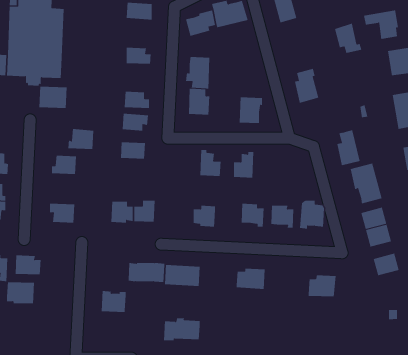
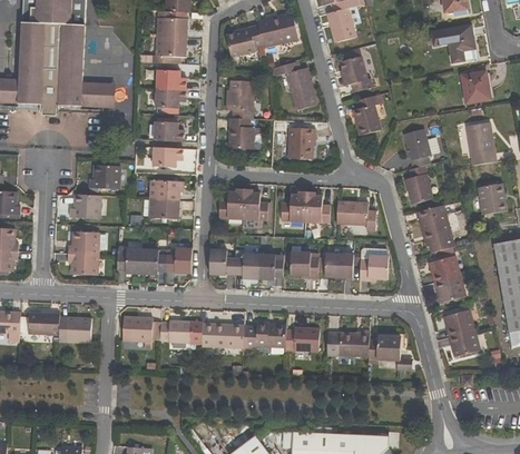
building: none -> [147,36,187,62]
building: [334,23,362,54] -> [340,55,372,90]
building: none -> [272,59,316,109]
building: none -> [155,88,185,108]
building: [39,86,67,108] -> [81,81,115,107]
building: none -> [399,127,428,168]
building: none -> [218,187,243,218]
building: none -> [304,190,330,221]
building: none -> [148,198,178,218]
building: none -> [335,200,375,230]
building: none -> [67,230,97,251]
building: none -> [116,247,139,273]
building: none -> [208,248,234,274]
building: none -> [259,254,283,278]
building: none -> [325,328,369,356]
building: none -> [449,328,479,356]
building: [6,282,35,304] -> [57,316,90,342]
building: [101,290,127,312] -> [121,315,151,340]
building: [163,318,200,341] -> [242,320,285,347]

